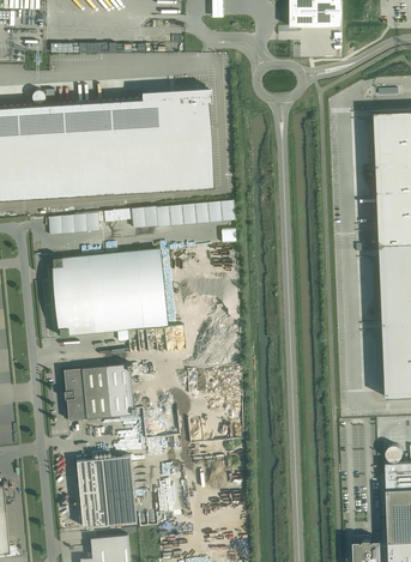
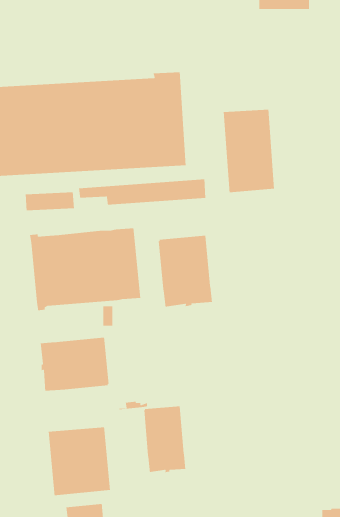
building: none -> [223,109,275,193]
building: none -> [158,235,213,307]
building: none -> [143,405,186,473]

